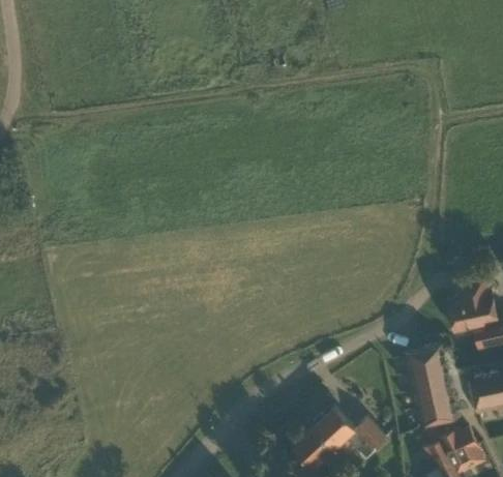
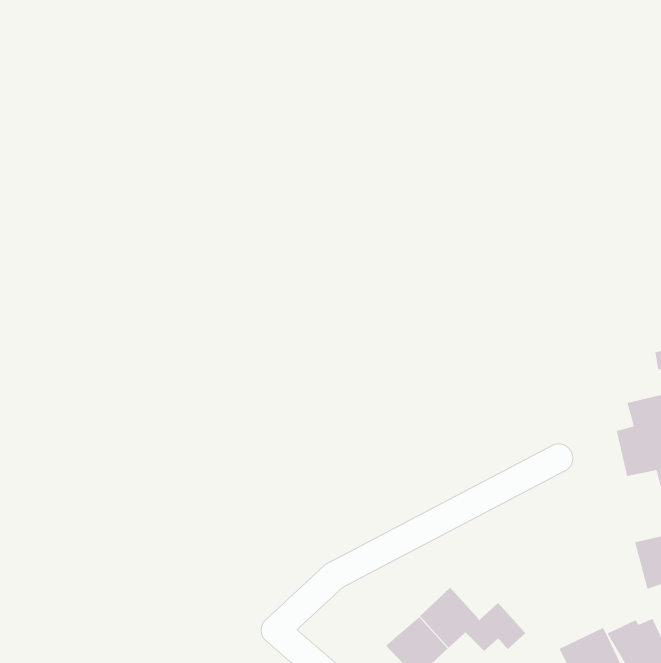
building: [406,348,462,428] -> none

